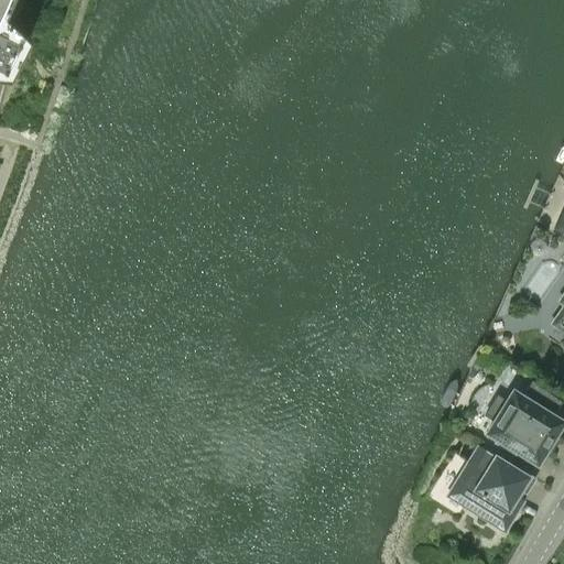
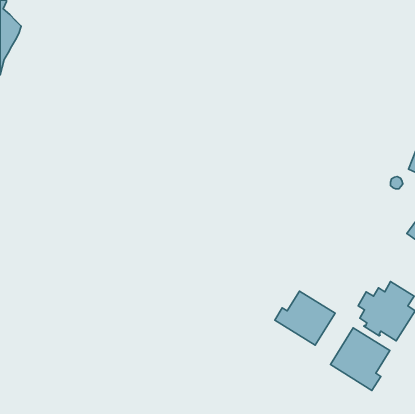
building: none -> [275,291,335,345]

